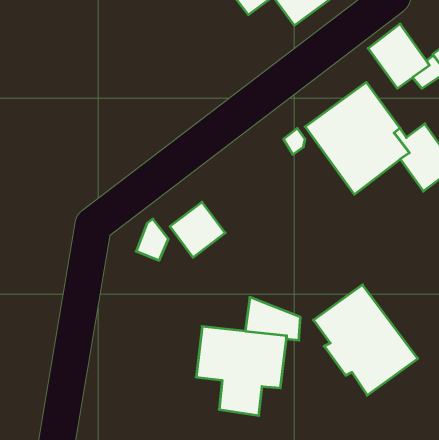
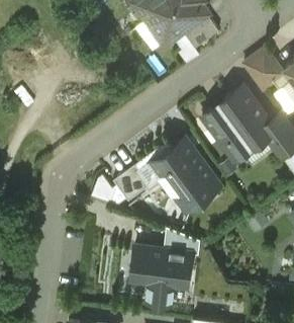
building: [313,285,418,395] -> [151,138,219,211]

